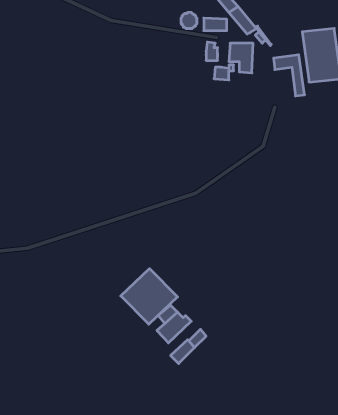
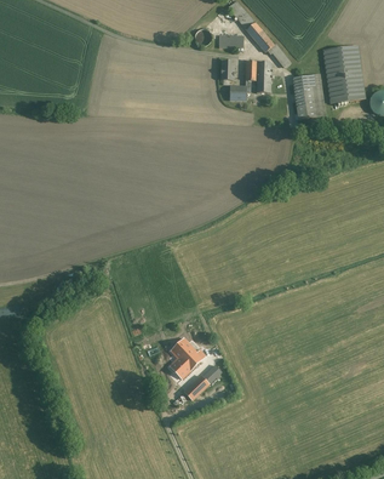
building: none -> [294,86,316,119]
building: [121,269,178,324] -> none

